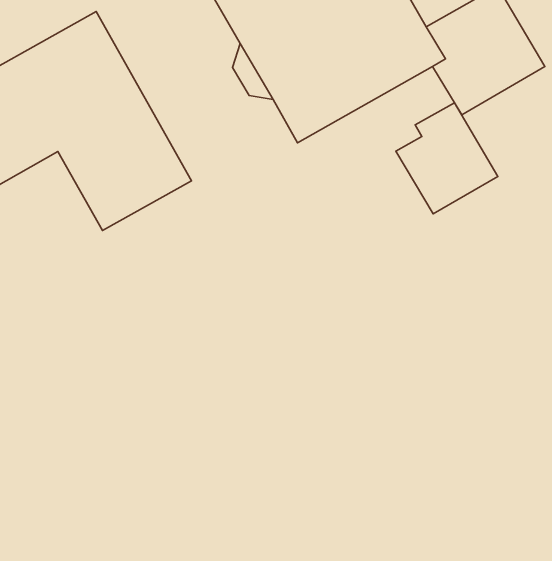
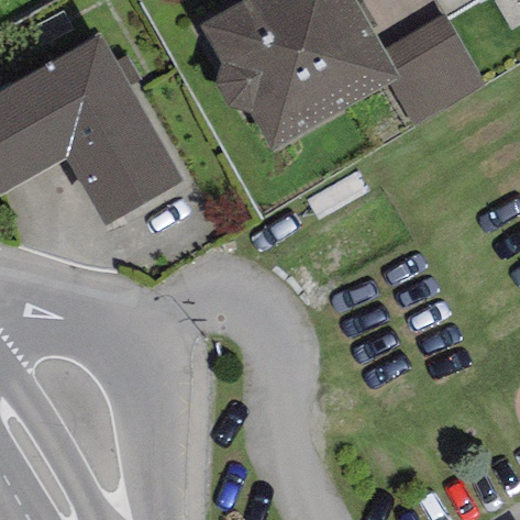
building: [396,103,498,214] -> none

